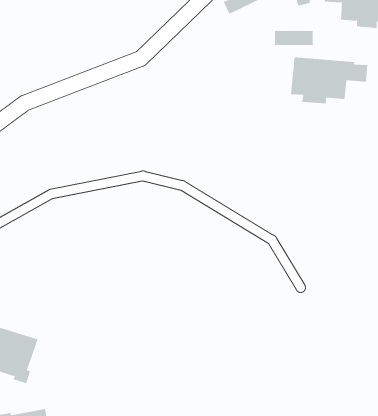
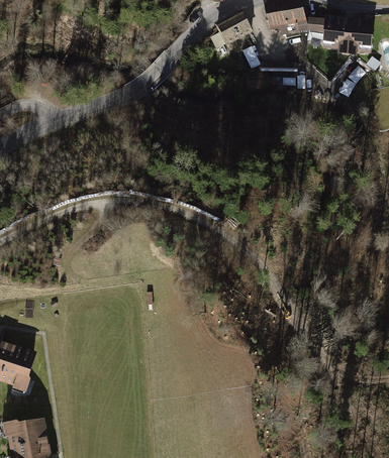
building: [291,57,368,104] -> none

